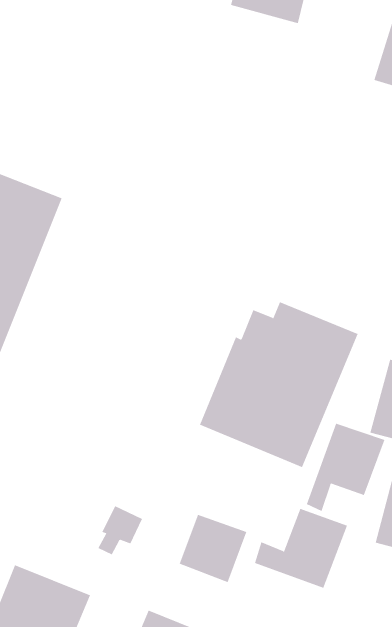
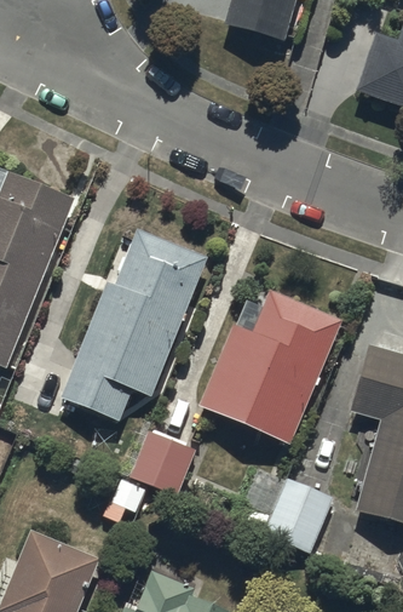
building: none -> [61,229,207,421]
building: [306,423,385,512] -> none
building: [179,514,247,583] -> [131,431,192,493]

